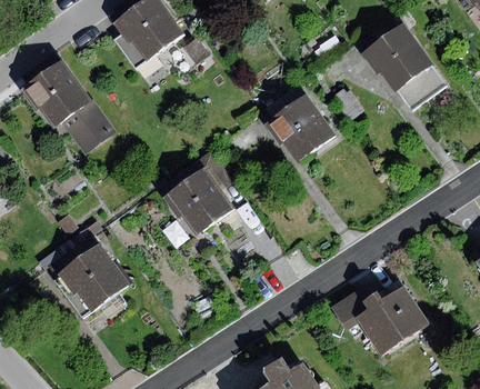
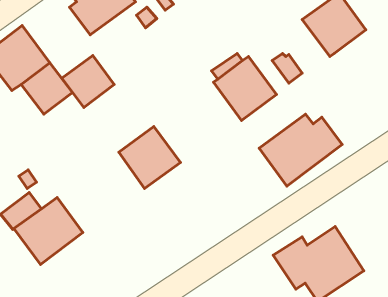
building: [399,62,449,108] -> none
building: none -> [62,56,114,107]
building: none -> [259,114,342,186]

